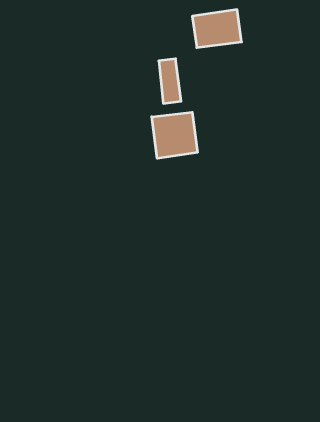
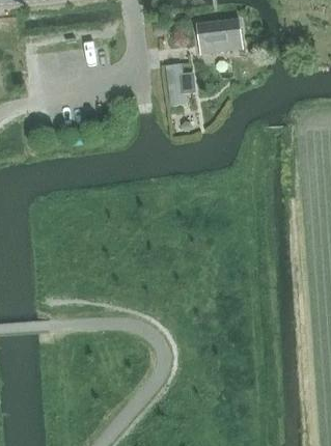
building: [152,112,197,158] -> none

